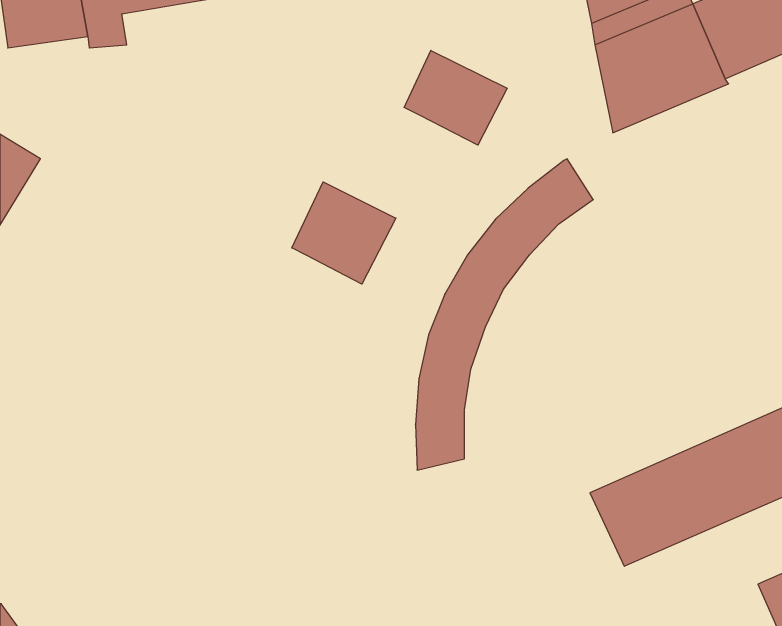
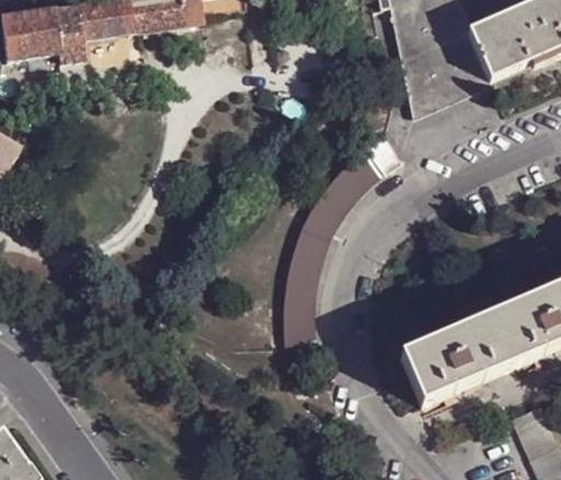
building: [404,50,507,145] -> none
building: [292,182,396,284] -> none

